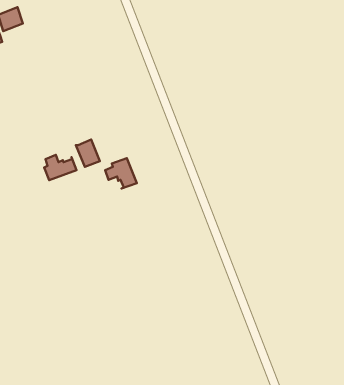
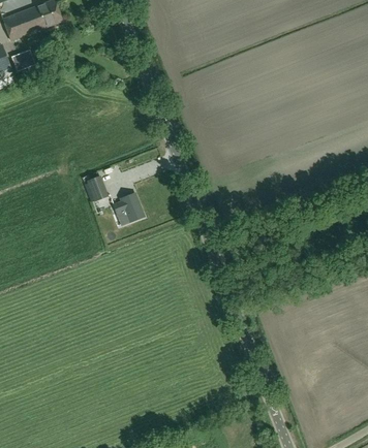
building: [44,155,77,180] -> none

